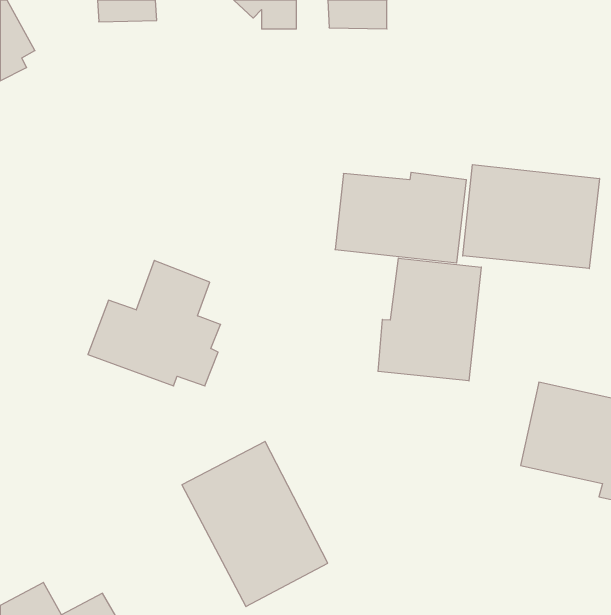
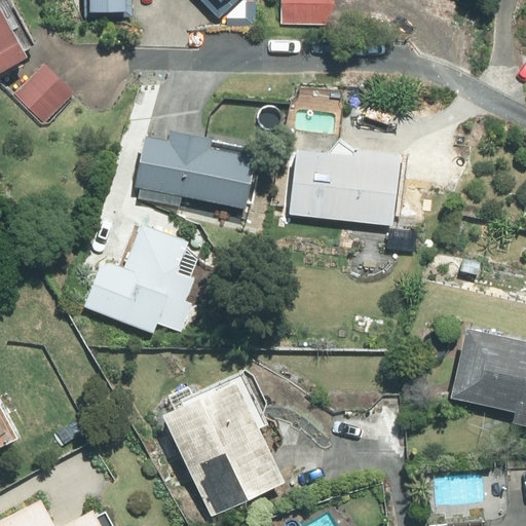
building: none -> [20,63,78,121]
building: none -> [133,130,251,205]
building: [463,165,599,269] -> none
building: [378,258,481,381] -> none

